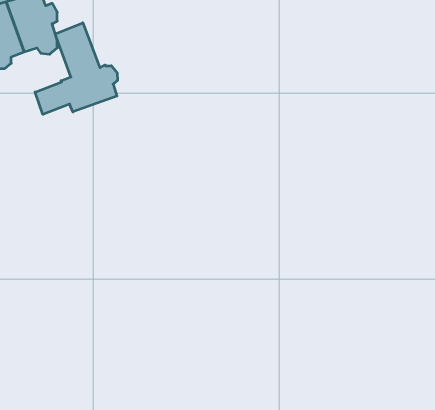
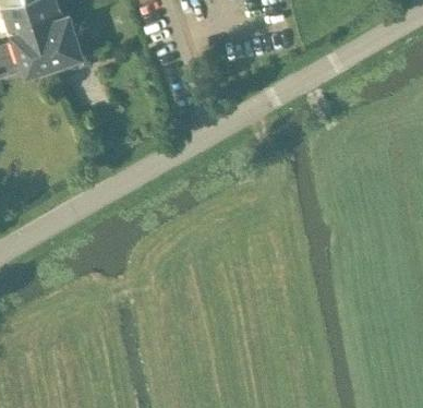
building: [35,23,117,114] -> none

